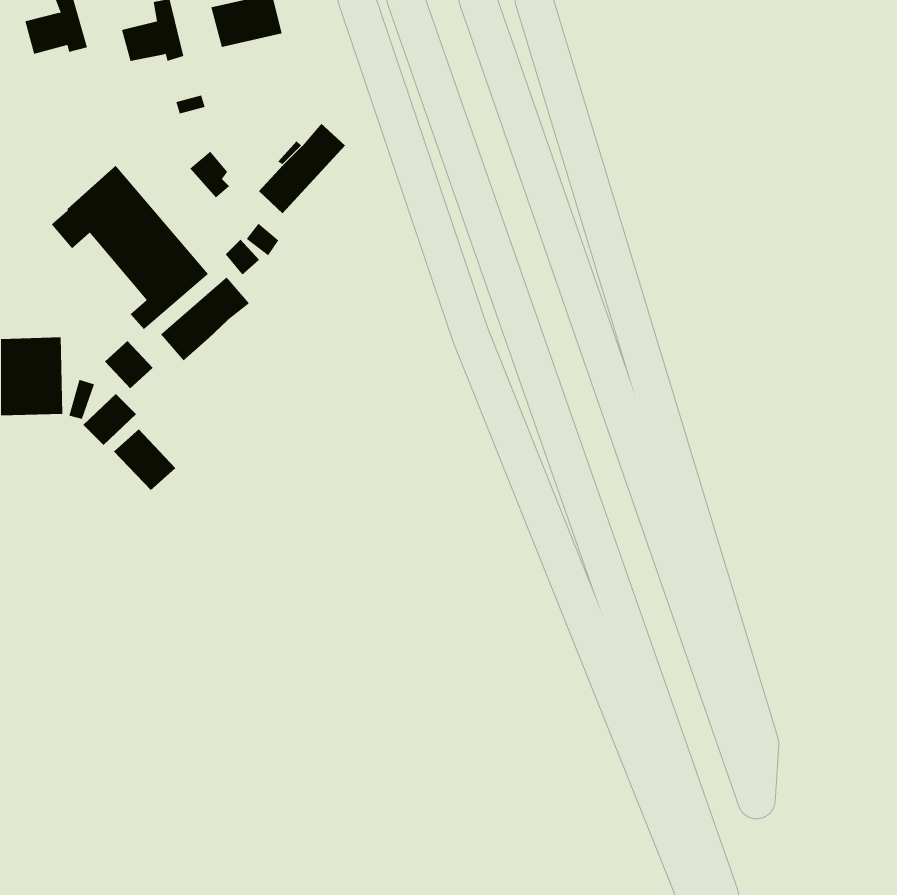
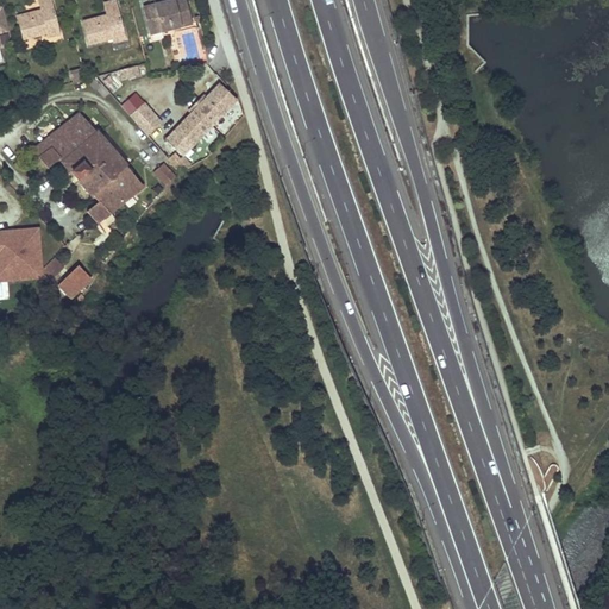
building: [160,277,250,361] -> none
building: [104,340,154,389] -> none
building: [113,429,176,491] -> none

